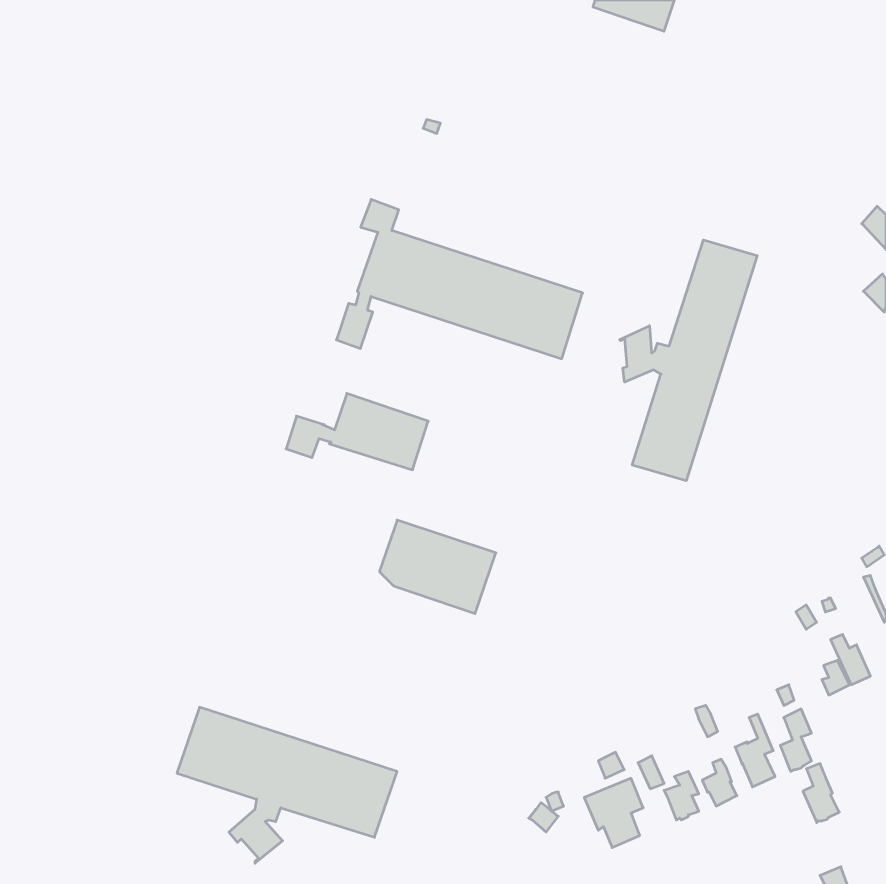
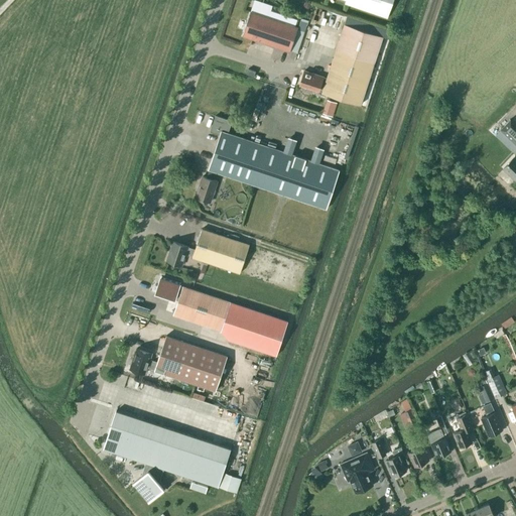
building: none -> [242,12,298,53]
building: none -> [299,25,383,107]
building: [620,240,757,481] -> none
building: none -> [156,278,231,333]
building: none -> [130,337,227,392]
building: [803,764,839,823] -> [481,403,502,437]

